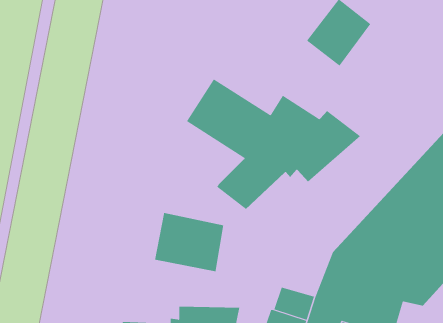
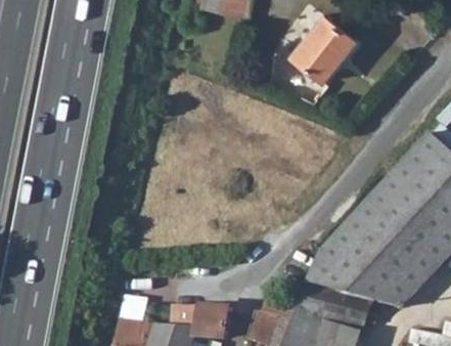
building: [186,79,361,210] -> none
building: [155,212,224,272] -> none

